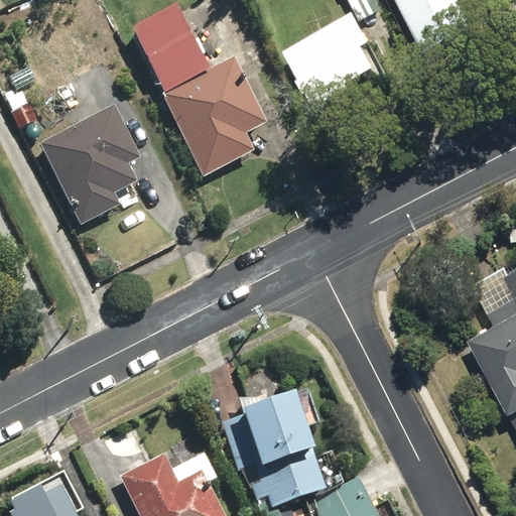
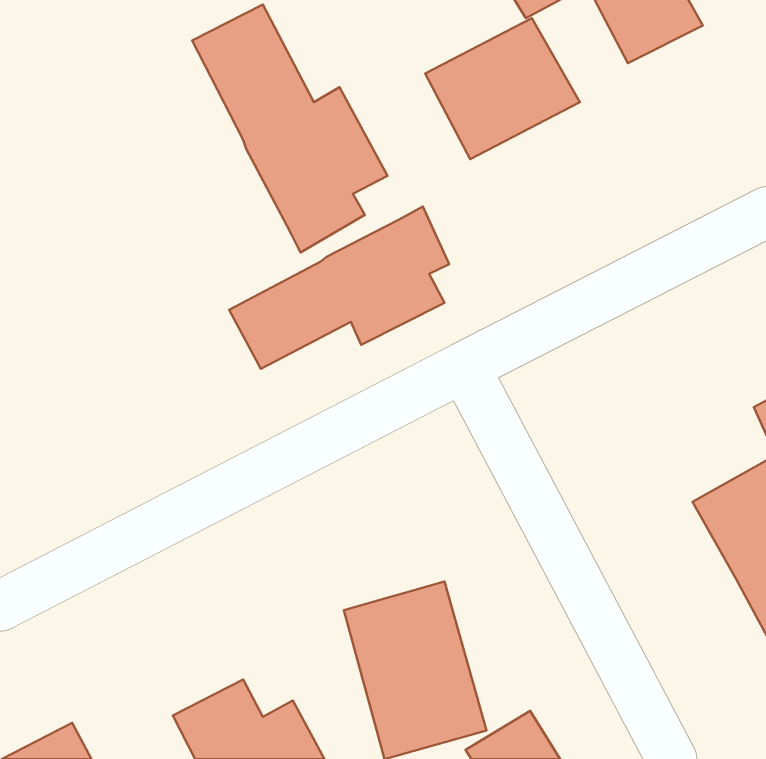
building: [32,106,151,225] -> none
building: none -> [229,207,449,369]

